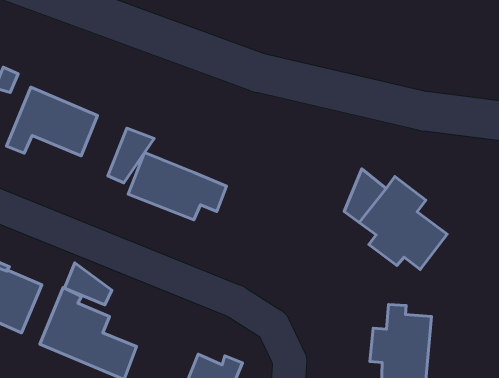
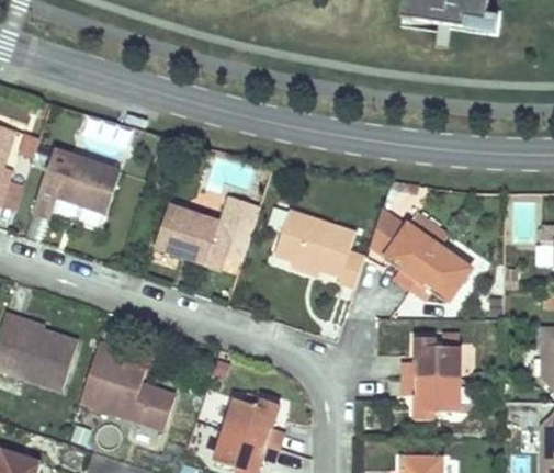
building: [108,128,154,183] -> none
building: none -> [219,195,260,233]
building: none -> [275,212,365,286]
building: [64,263,112,305] -> none

